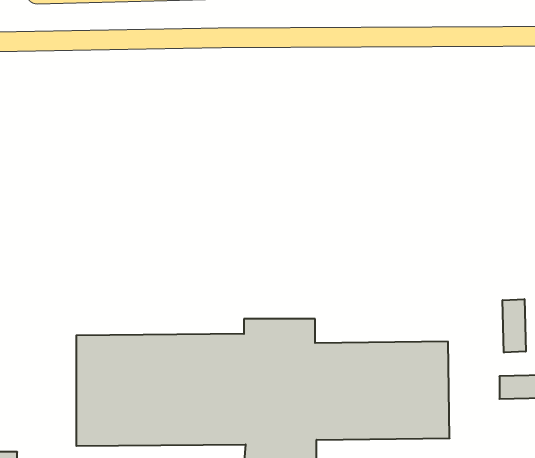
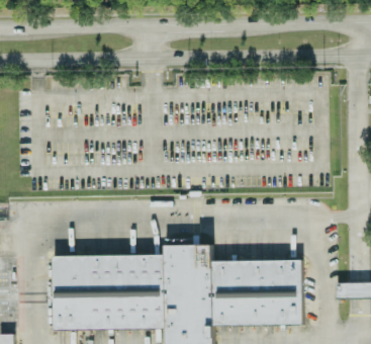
building: [503,299,526,353] -> none

